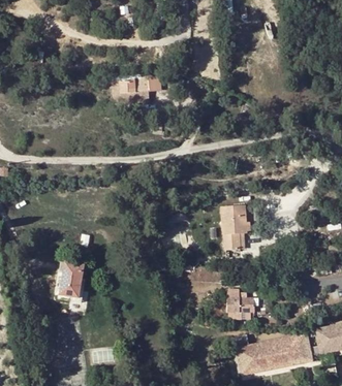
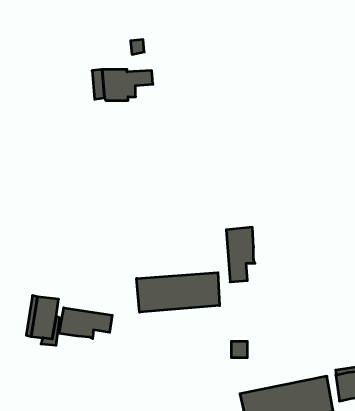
building: none -> [137,273,220,312]
building: none -> [59,308,112,339]

